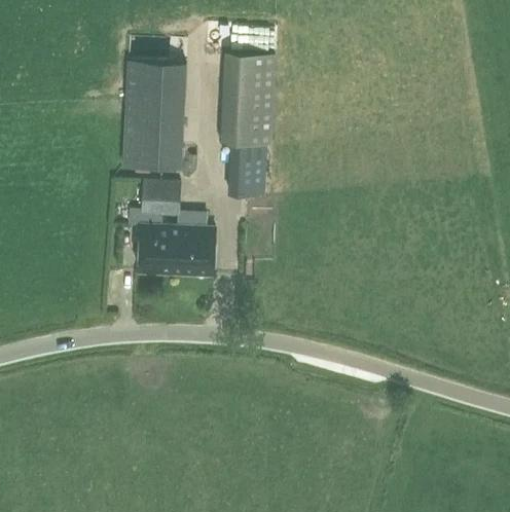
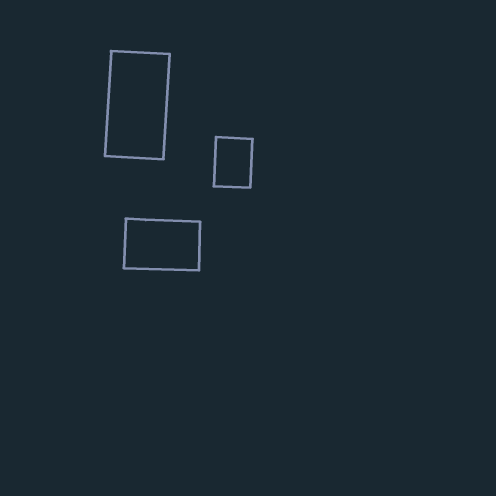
building: [221,52,276,145] -> none
building: [141,180,181,226] -> none

